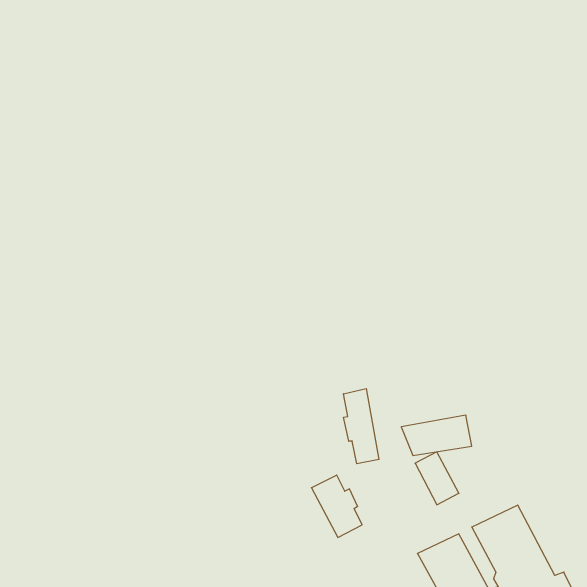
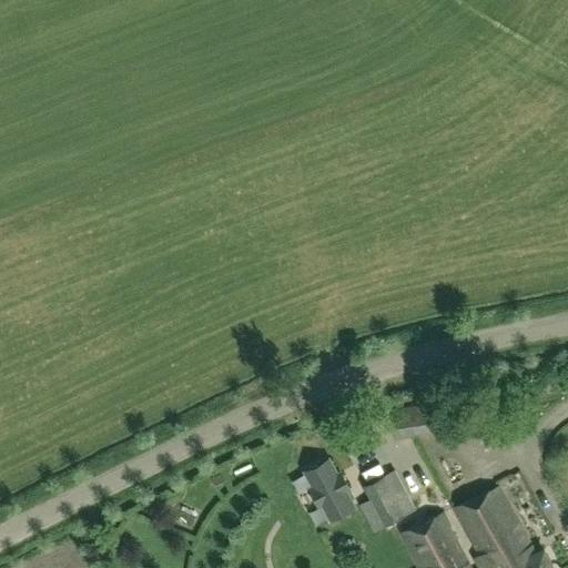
building: [343,389,379,464] -> none
building: [415,452,459,505] -> [365,477,407,528]

